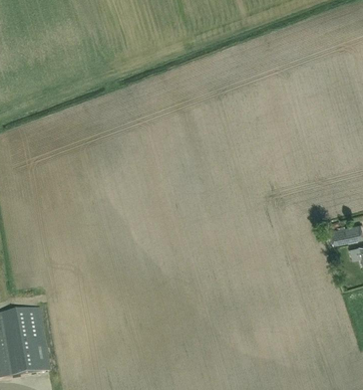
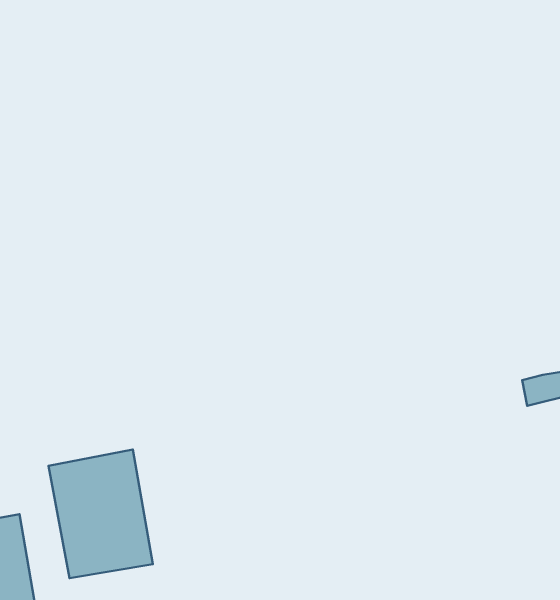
building: none -> [49,449,153,578]

